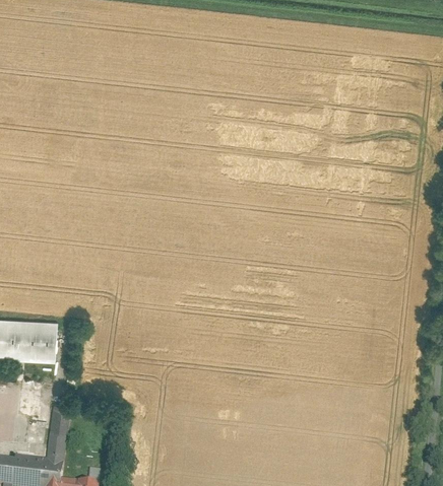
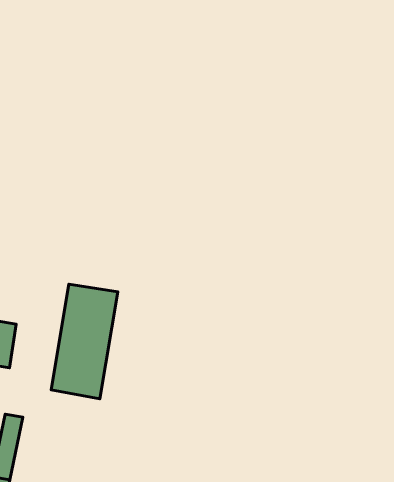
building: none -> [51,284,118,399]

